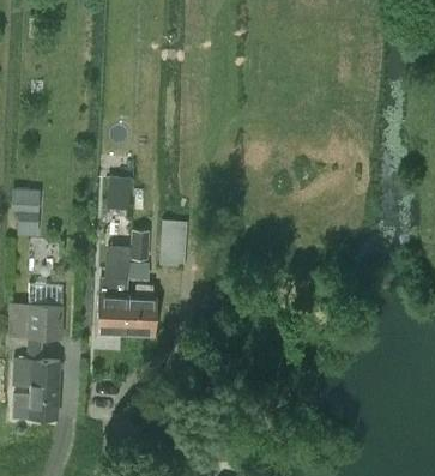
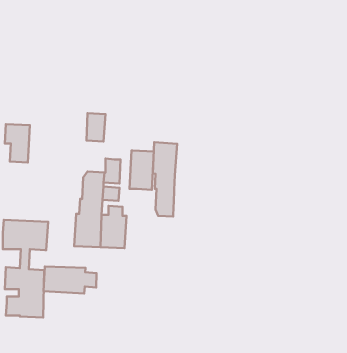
building: none -> [153,142,177,216]
building: none -> [44,266,96,294]

